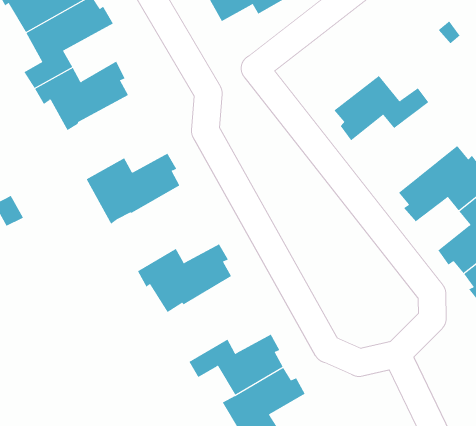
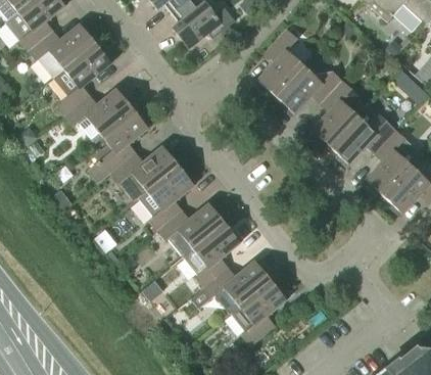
building: none -> [255,30,303,96]
building: none -> [87,108,150,183]
building: none -> [309,80,366,146]
building: none -> [138,166,196,230]
building: none -> [193,223,242,287]

